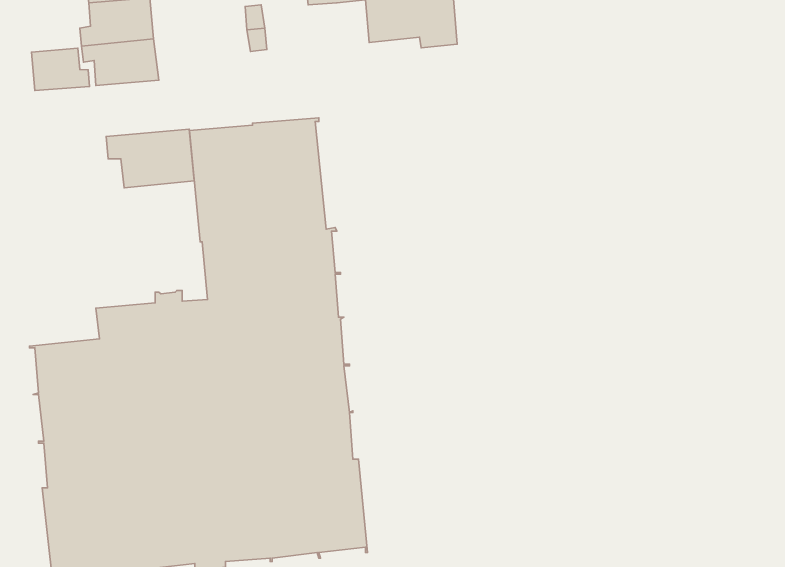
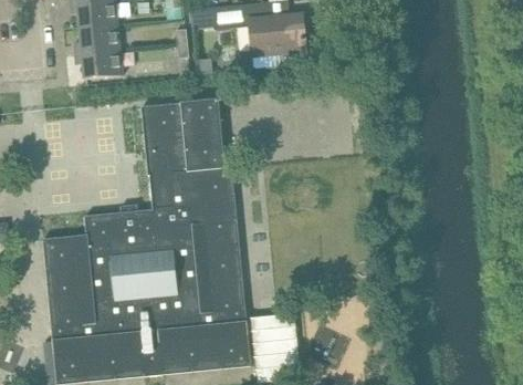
building: [31,48,89,90] -> none
building: [106,129,194,188] -> none

